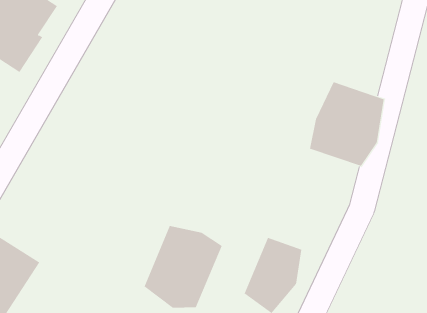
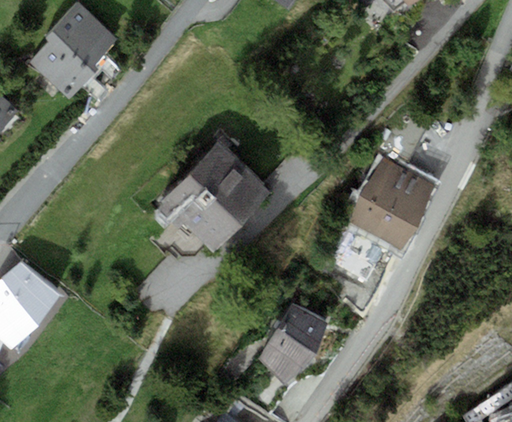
building: none -> [161,141,271,251]
building: [144,225,222,308] -> none

